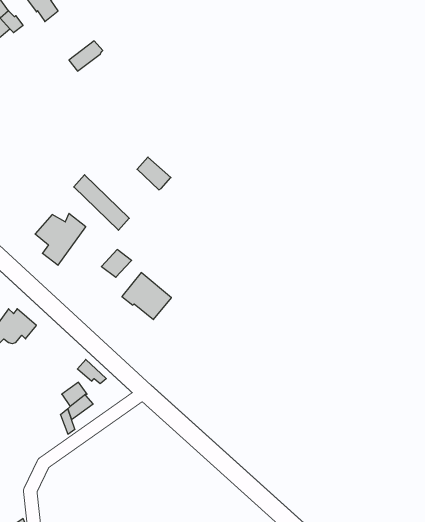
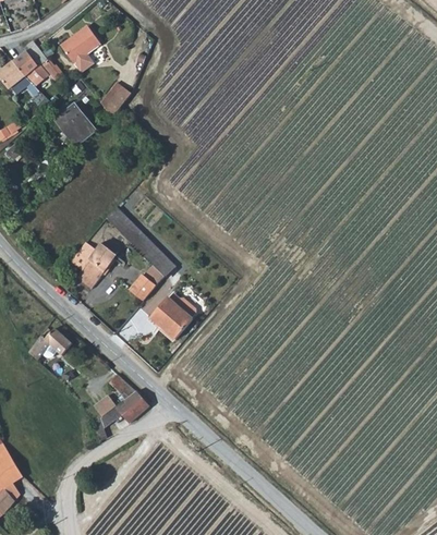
building: none -> [53,104,94,145]
building: [137,157,171,190] -> [145,245,175,275]
building: none -> [116,390,148,422]

